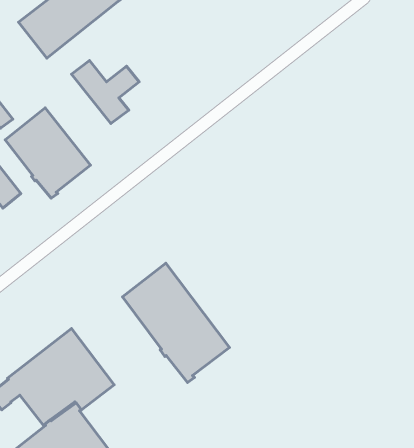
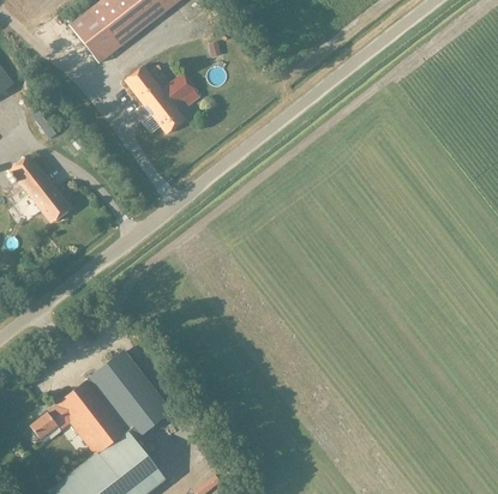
building: [5,108,91,198] -> none
building: [123,263,230,382] -> none

